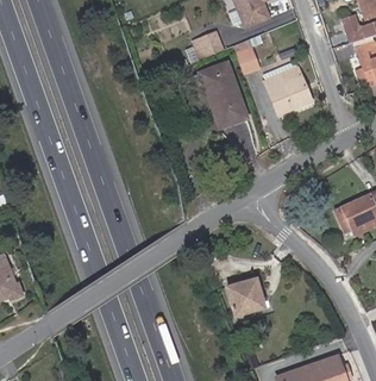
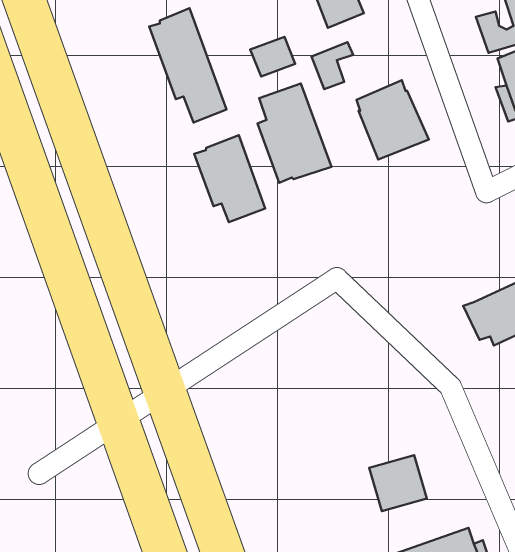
building: none -> [149,8,227,123]
building: none -> [194,135,265,222]
building: [225,279,263,316] -> [369,455,427,511]

